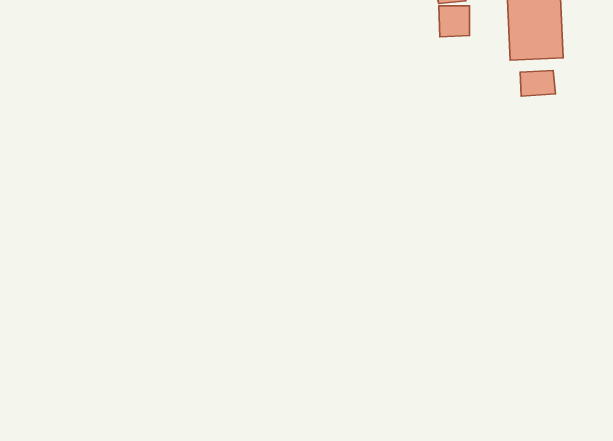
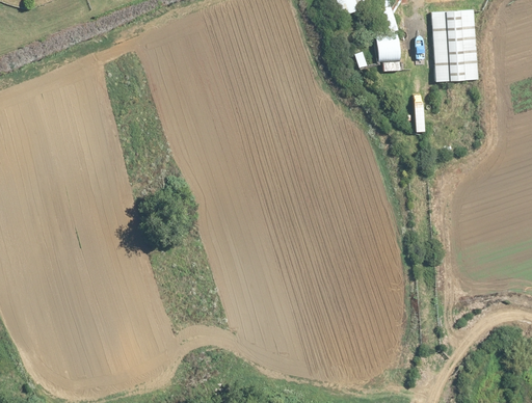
building: [520,71,556,96] -> none

